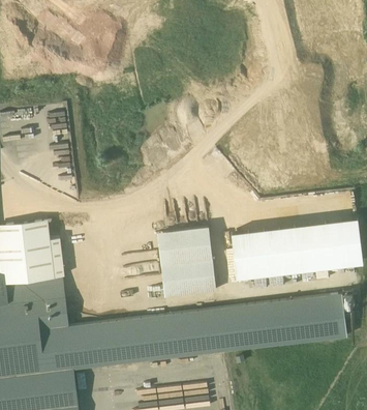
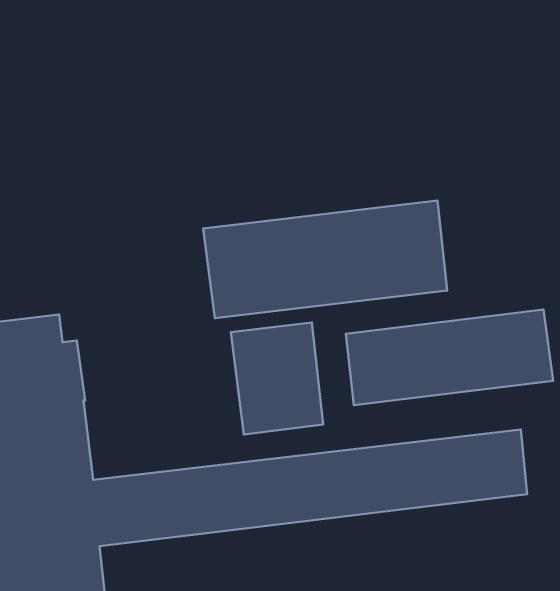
building: none -> [203,200,447,318]

